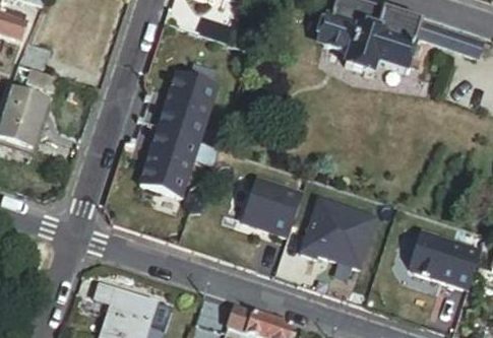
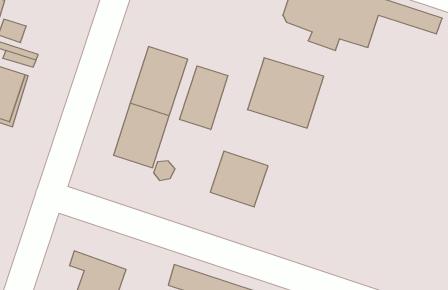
building: none -> [179,66,228,130]
building: [299,197,378,270] -> [247,58,324,128]
building: [407,230,479,287] -> none

